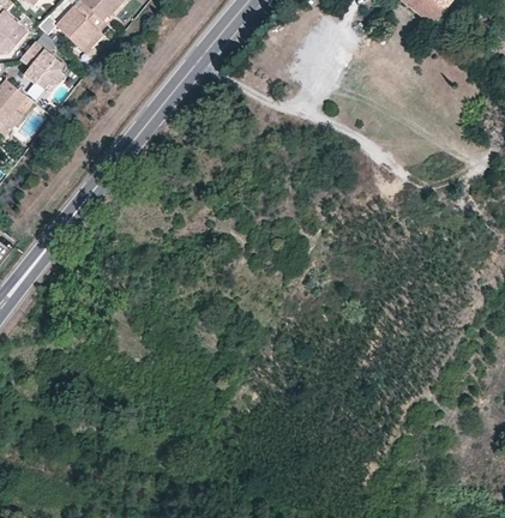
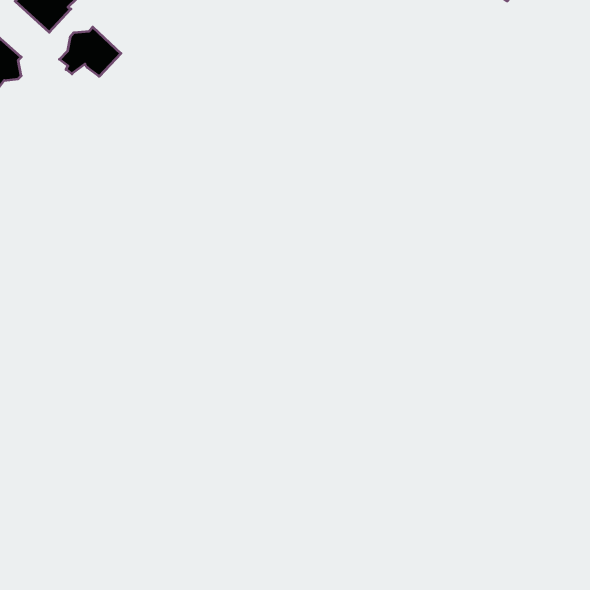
building: none -> [59,27,121,76]

